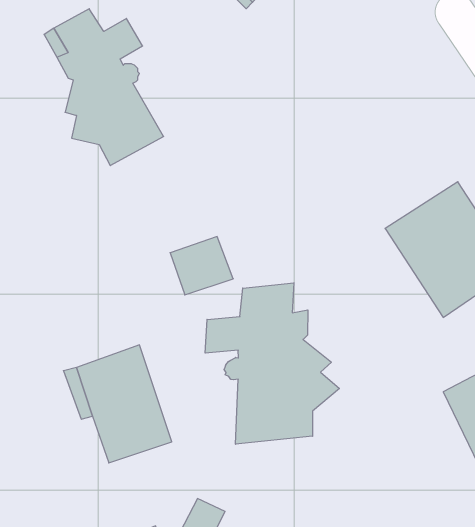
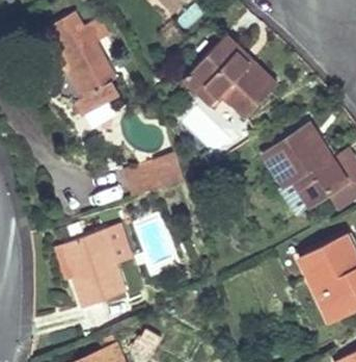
building: none -> [184,33,278,115]
building: [205,283,339,444] -> none

